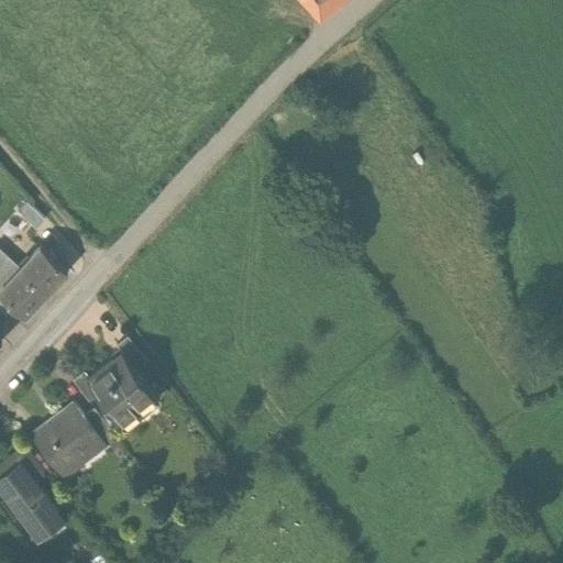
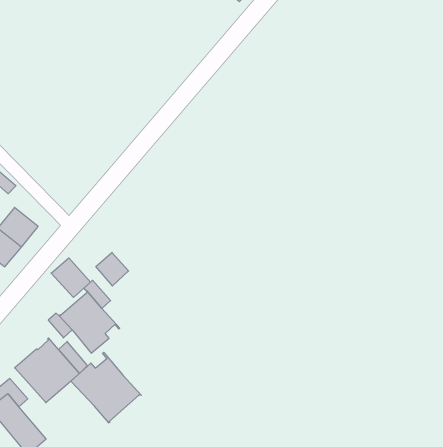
building: none -> [96,252,129,286]
building: none -> [51,258,91,297]
building: none -> [71,352,141,423]

